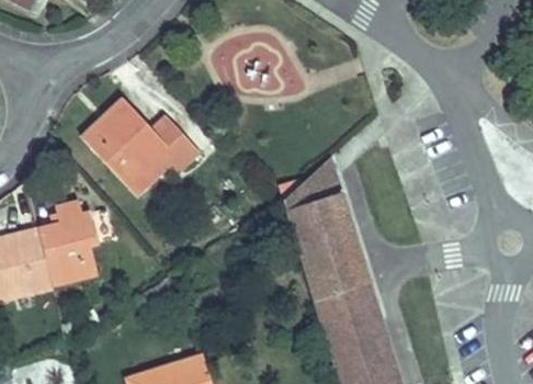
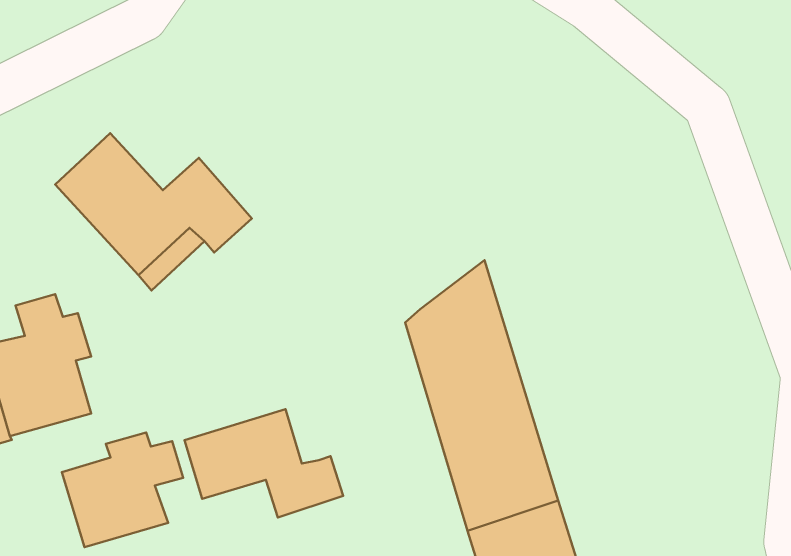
building: none -> [185,409,343,517]
building: none -> [62,433,183,547]

